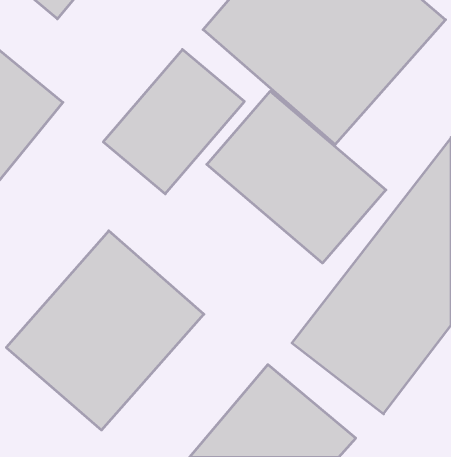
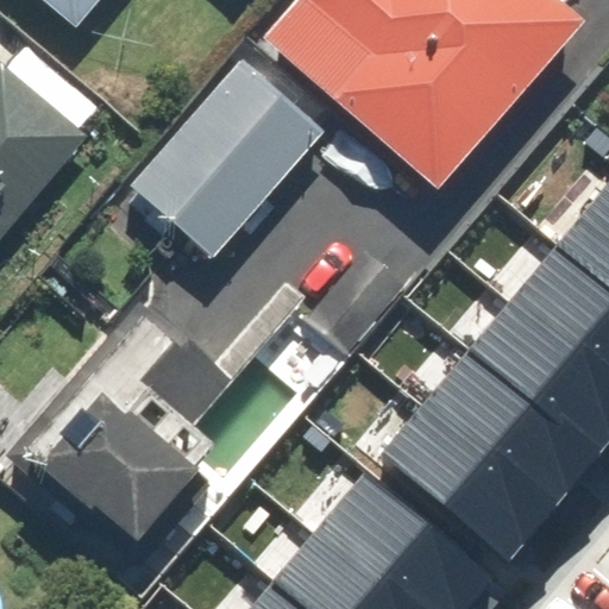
building: [207,91,386,263] -> none

